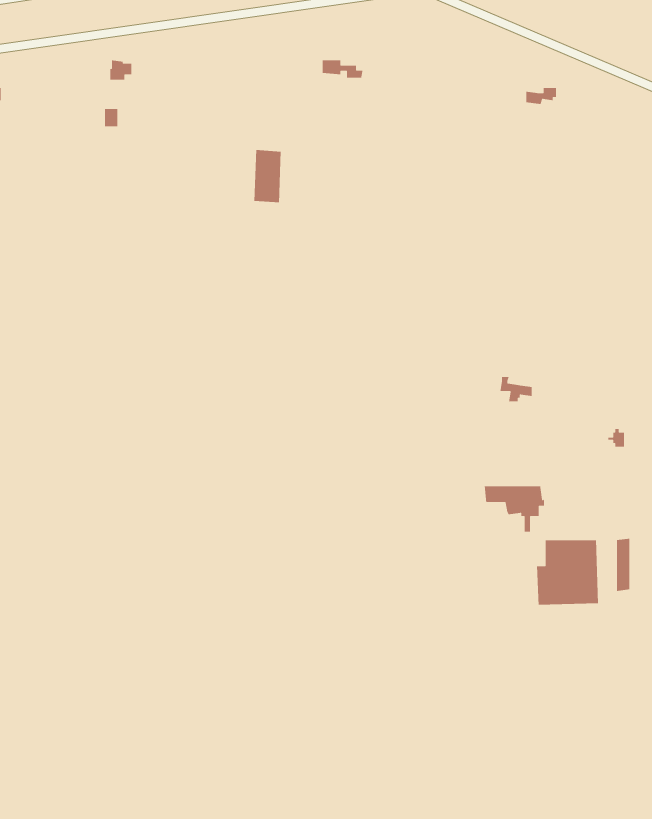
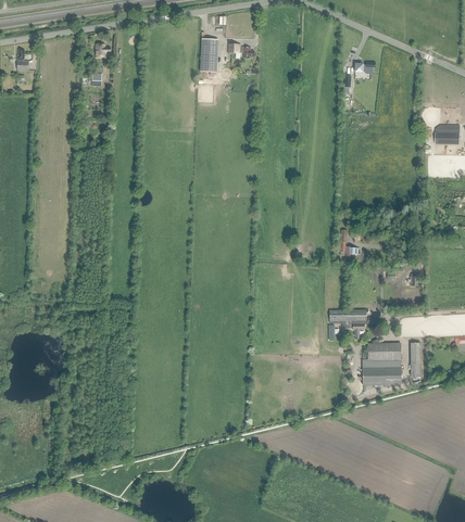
building: [254,149,281,203] -> [200,38,217,72]

